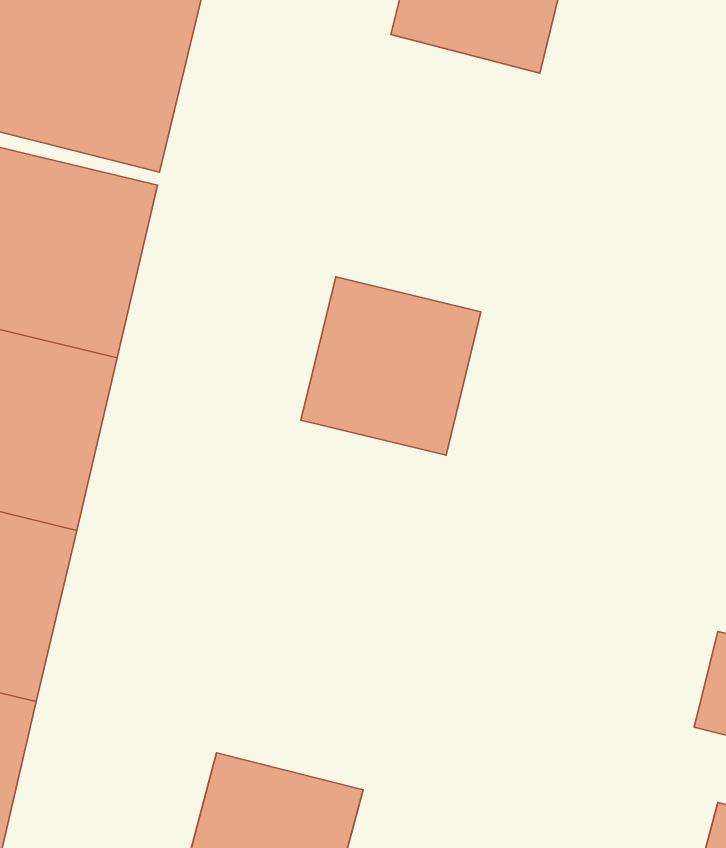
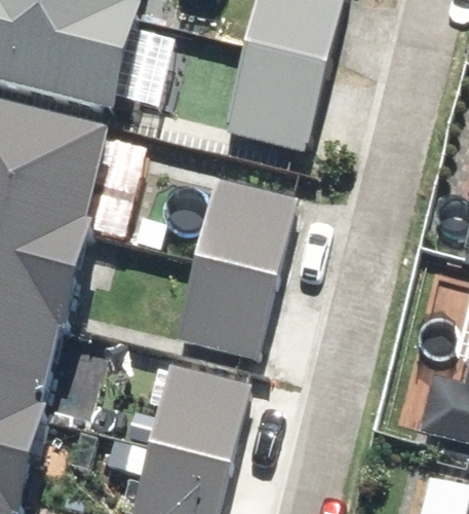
building: none -> [223,42,328,150]
building: none -> [175,258,276,358]
building: none -> [148,364,249,465]

